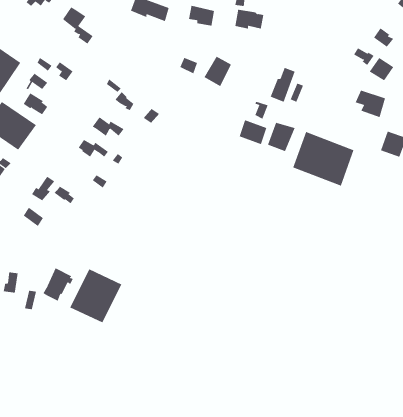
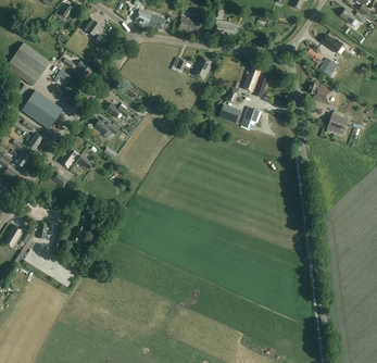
building: [293,131,354,187] -> none
building: [70,269,122,323] -> none

